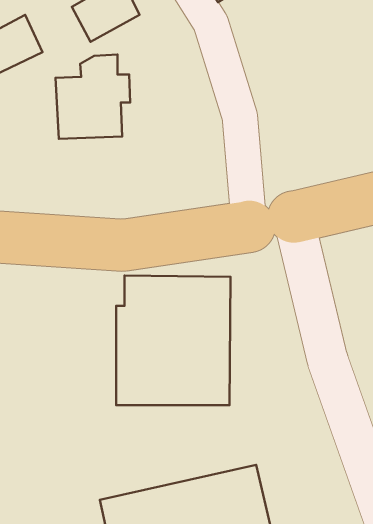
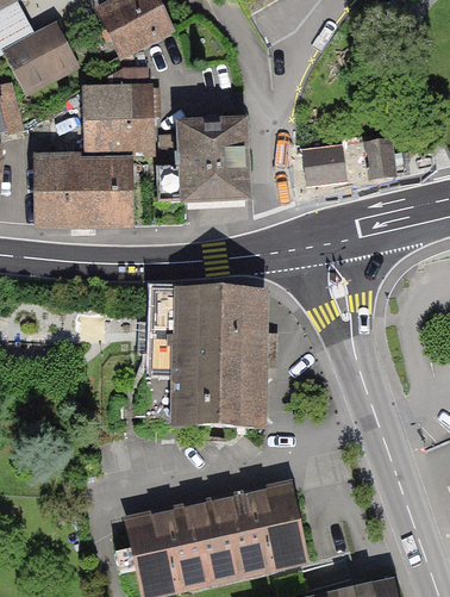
building: none -> [163,123,250,200]
building: none -> [302,136,398,181]
building: none -> [39,155,130,224]

